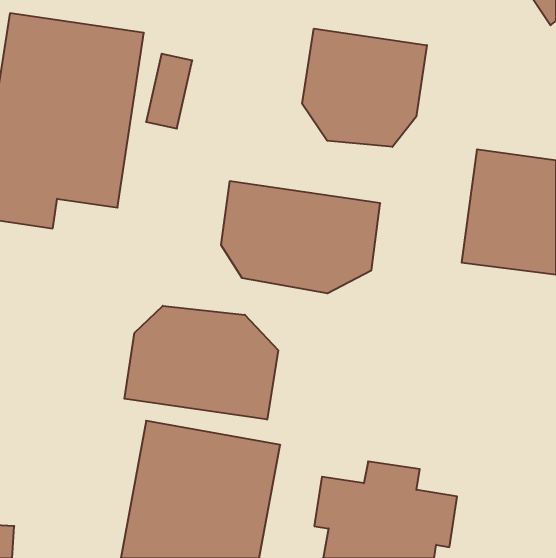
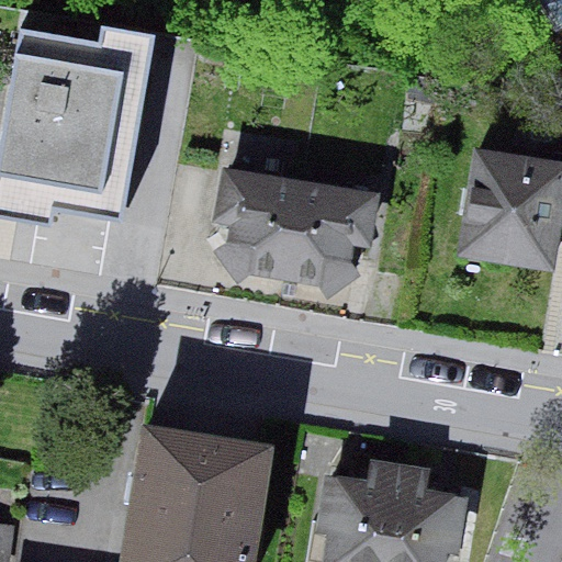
building: [302,29,427,147] -> none
building: [124,306,278,420] -> none

